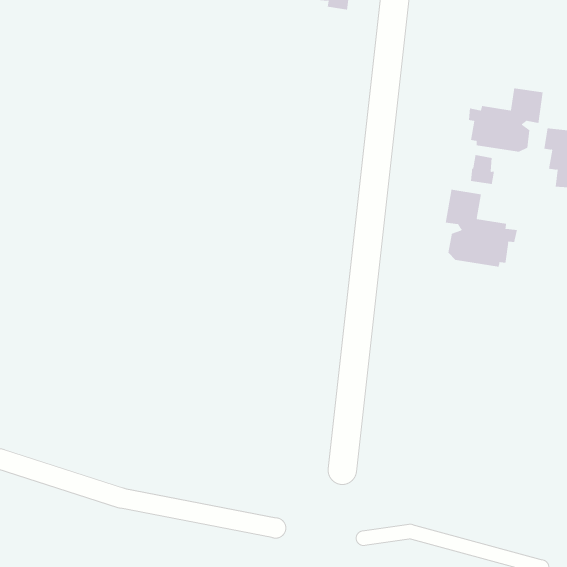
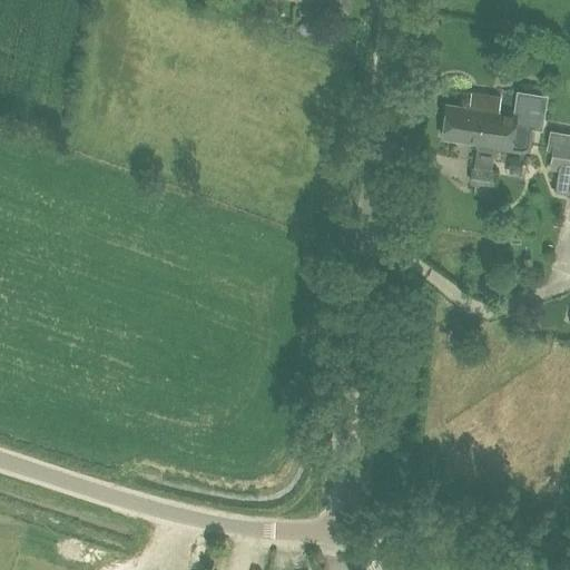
building: none -> [442,105,475,140]
building: [445,189,517,267] -> none

